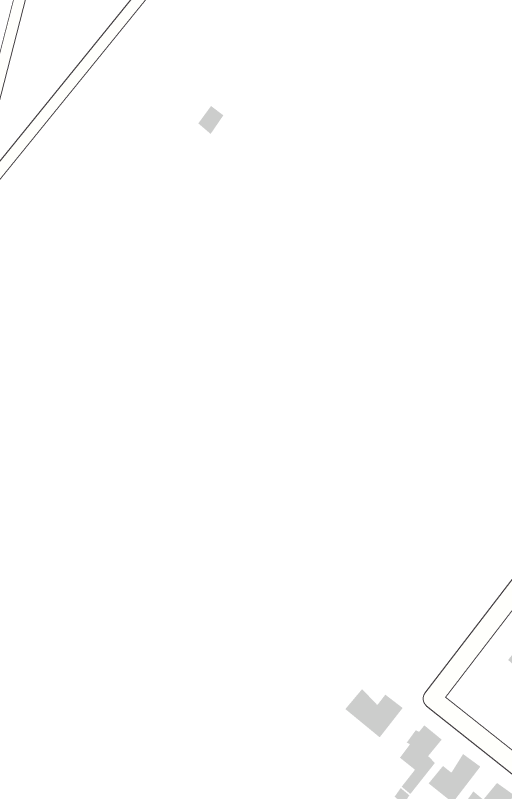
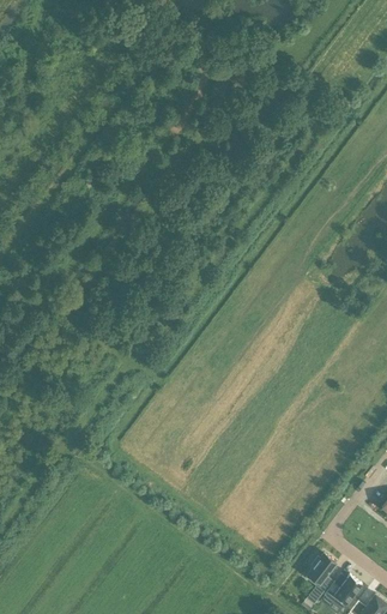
building: [344,688,404,738] -> none

